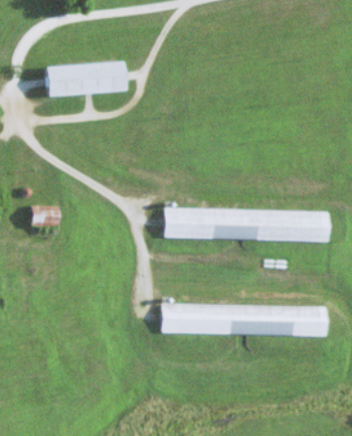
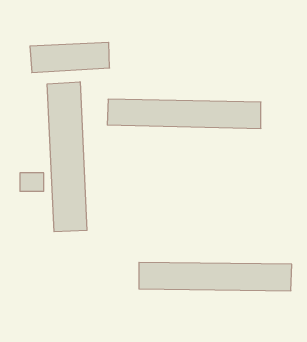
building: none -> [47,82,87,232]
building: [162,208,331,241] -> [107,99,261,128]

